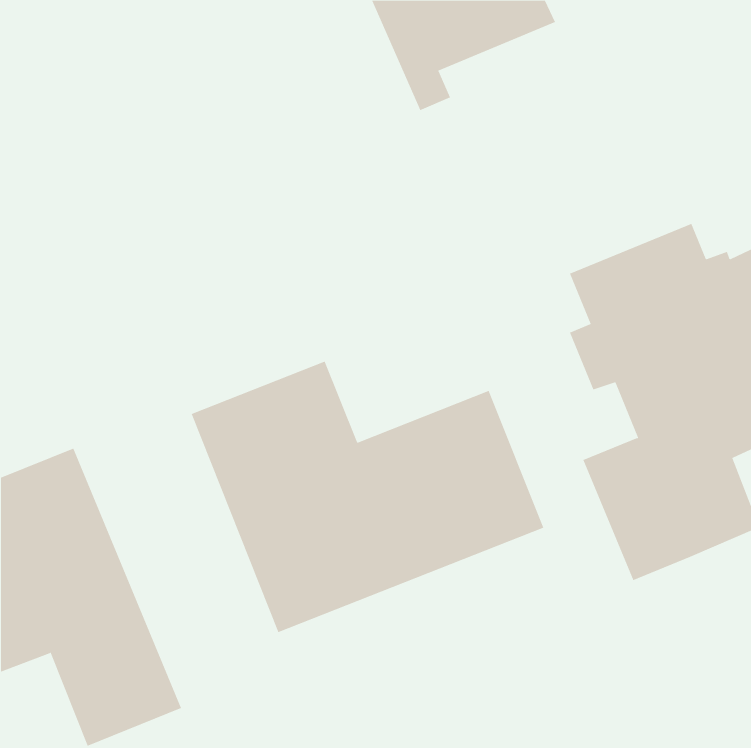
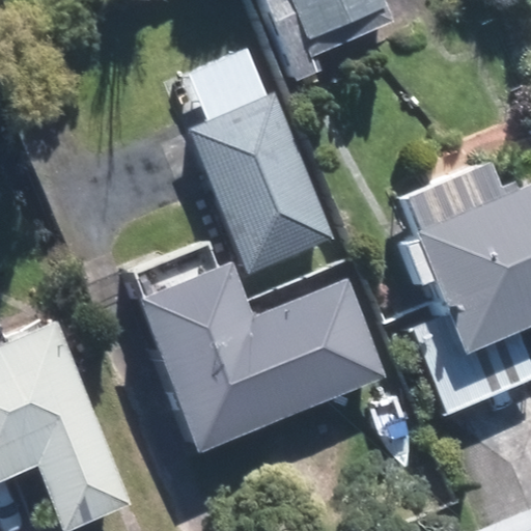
building: none -> [188,91,334,275]

